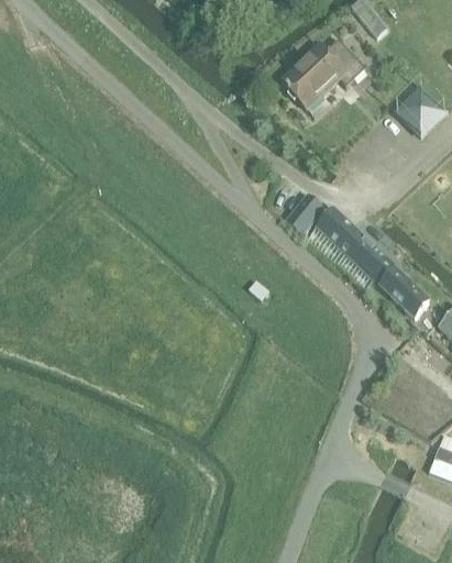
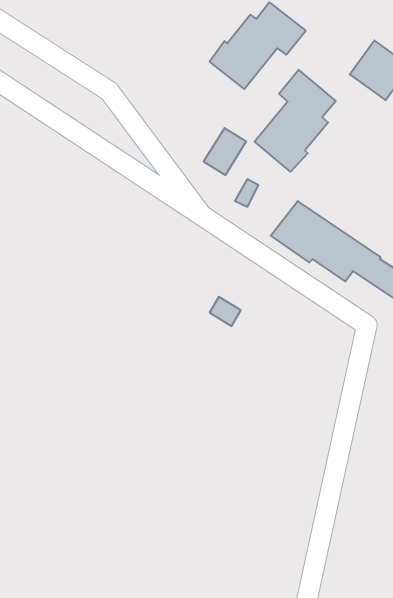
building: none -> [255,70,336,172]
building: [287,192,326,232] -> [204,128,246,175]

